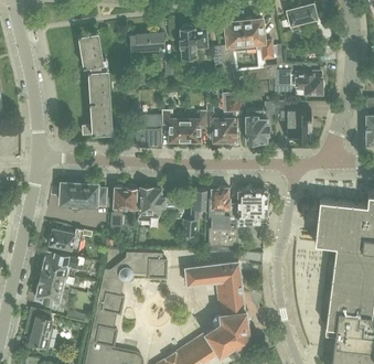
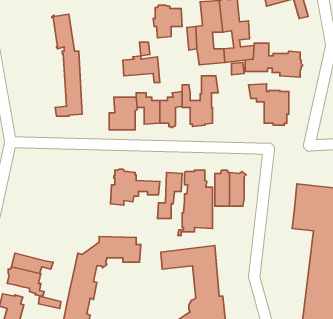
building: [128,33,164,60] -> [123,56,160,83]
building: [245,103,274,146] -> none
building: [56,184,105,220] -> none
building: [109,186,136,234] -> none
building: [46,228,92,253] -> none
building: [40,253,84,278] -> none

